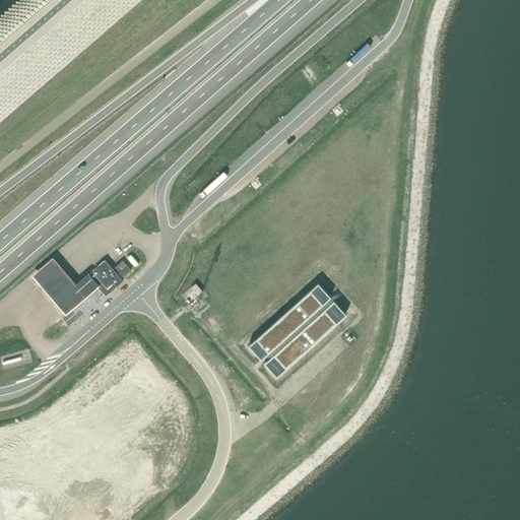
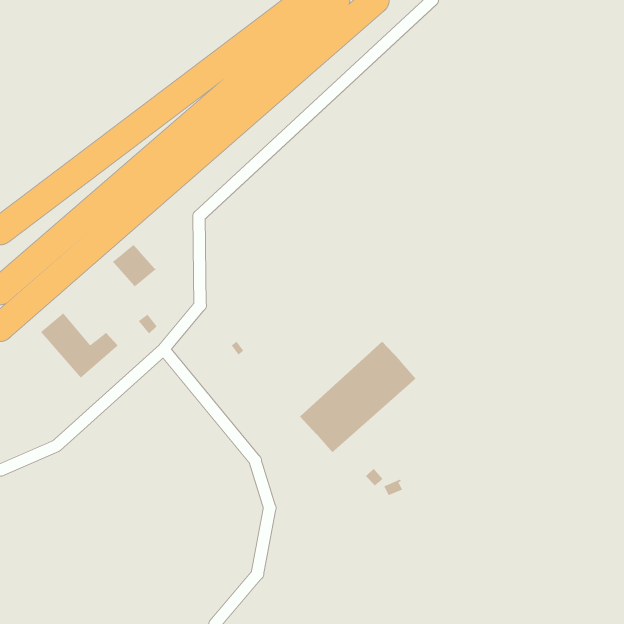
building: [87,260,124,297] -> [112,244,156,288]

